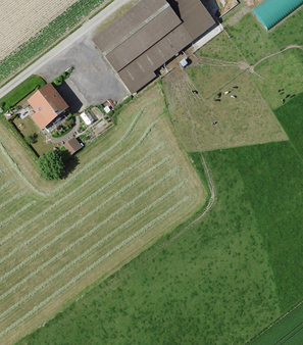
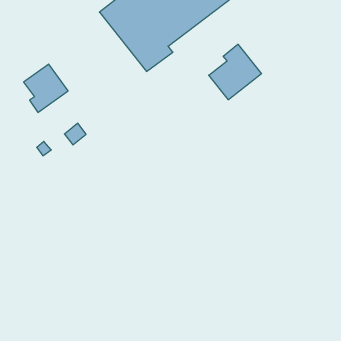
building: none -> [209,44,261,100]

